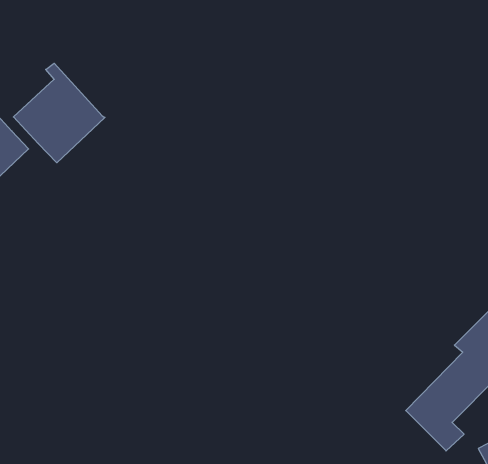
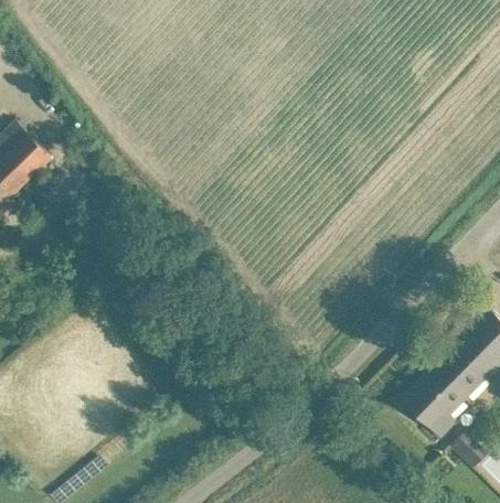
building: [13,63,105,163] -> none

